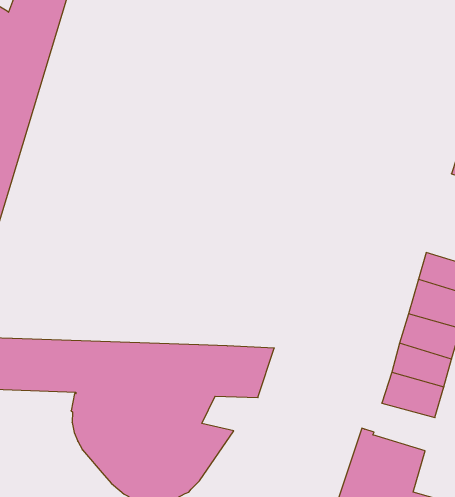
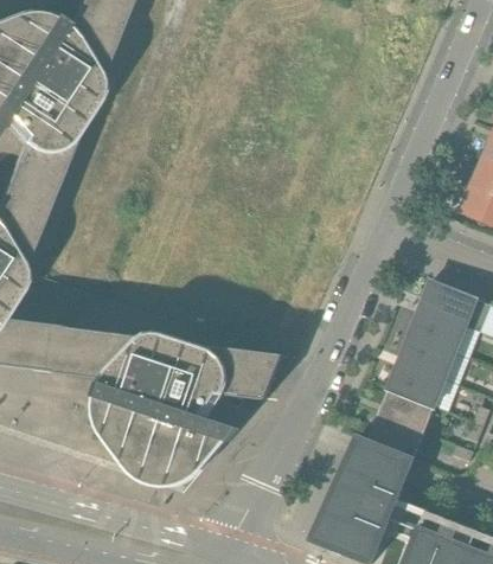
building: none -> [366,415,424,462]

